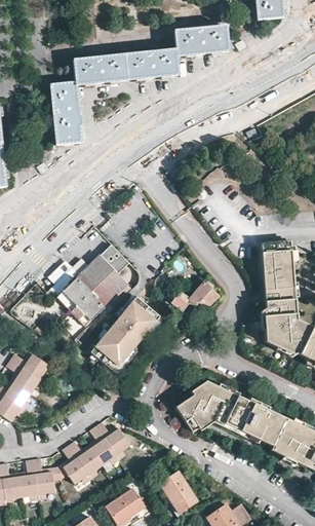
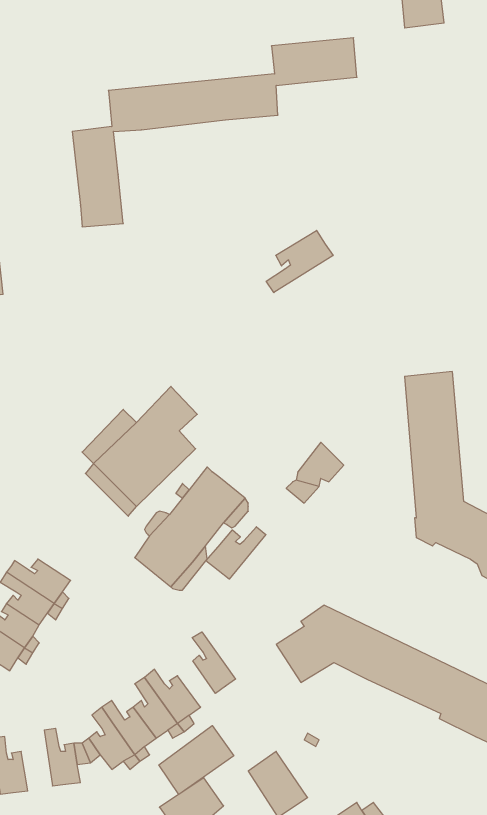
building: none -> [266,230,333,293]
building: none -> [206,527,266,579]
building: none -> [192,632,236,693]
building: none -> [159,726,234,794]
building: [18,458,38,496] -> none

